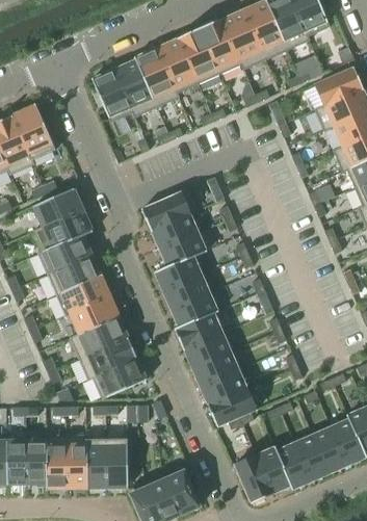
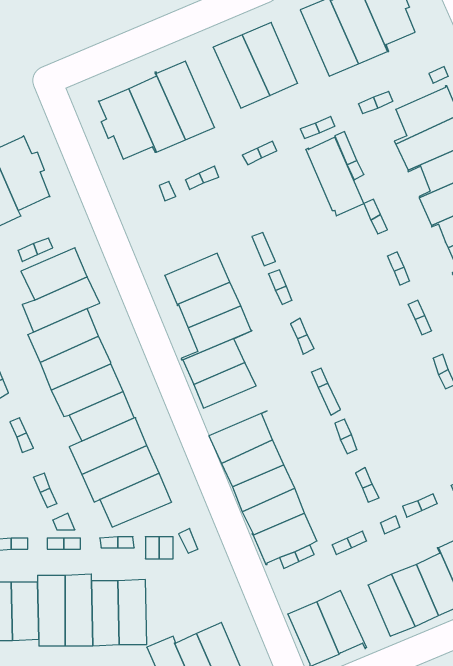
building: [221,8,265,68] -> [306,137,364,216]
building: [157,36,199,97] -> none
building: [171,291,218,329] -> none
building: [273,441,311,488] -> none

